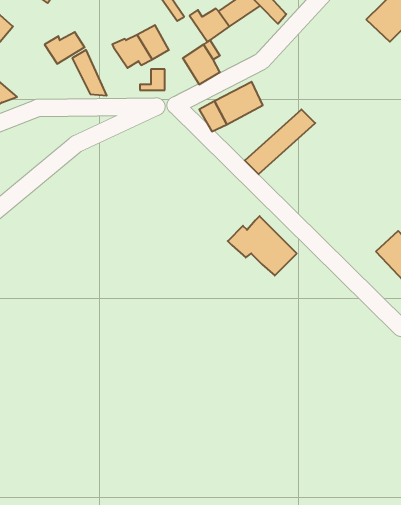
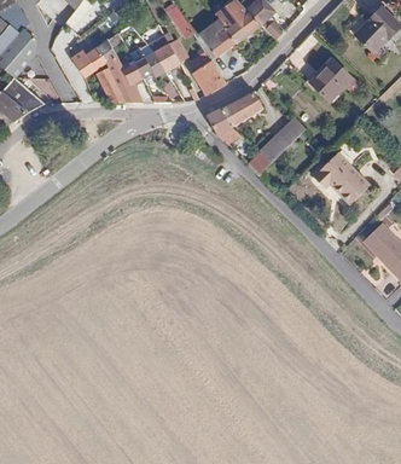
building: none -> [98,40,144,103]
building: none -> [309,59,351,102]
building: [228,216,297,276] -> [309,151,370,203]

